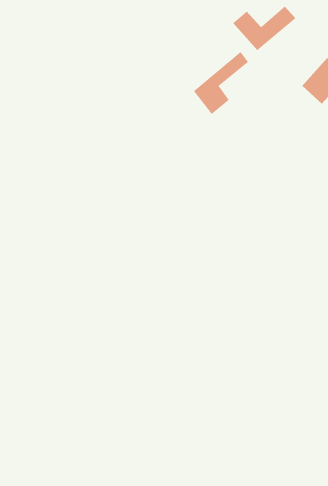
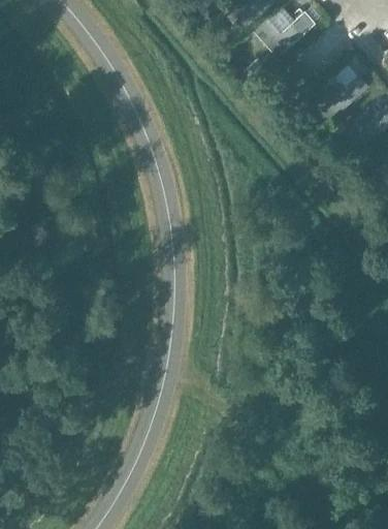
building: [193,51,249,115] -> none

